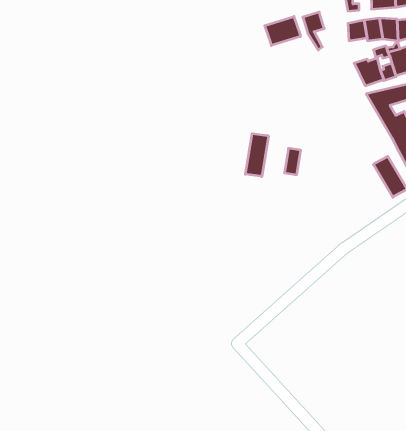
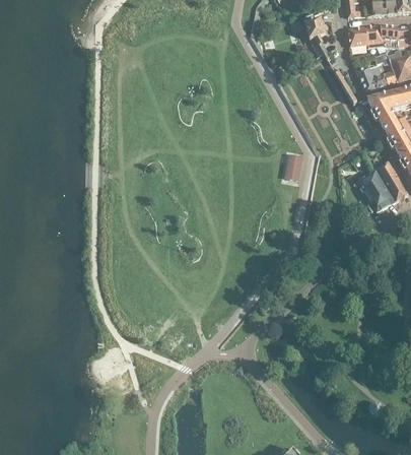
building: [265,16,300,46] -> none
building: [245,134,268,177] -> none
building: none -> [357,168,394,209]

